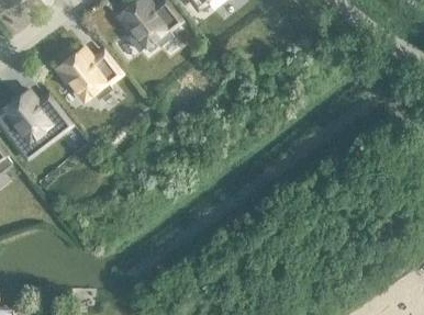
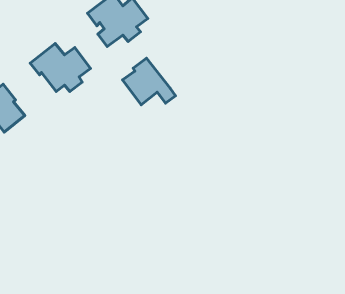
building: none -> [122,58,176,105]

